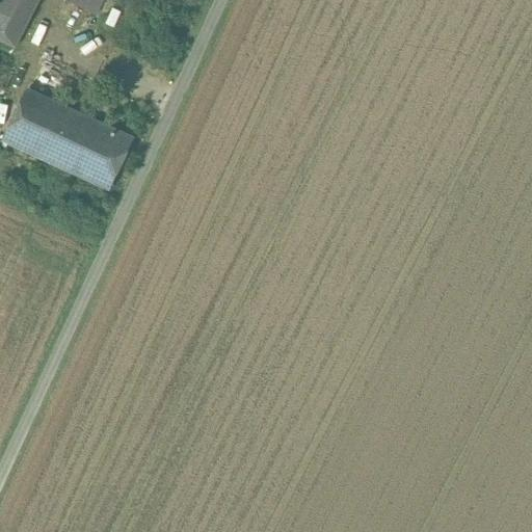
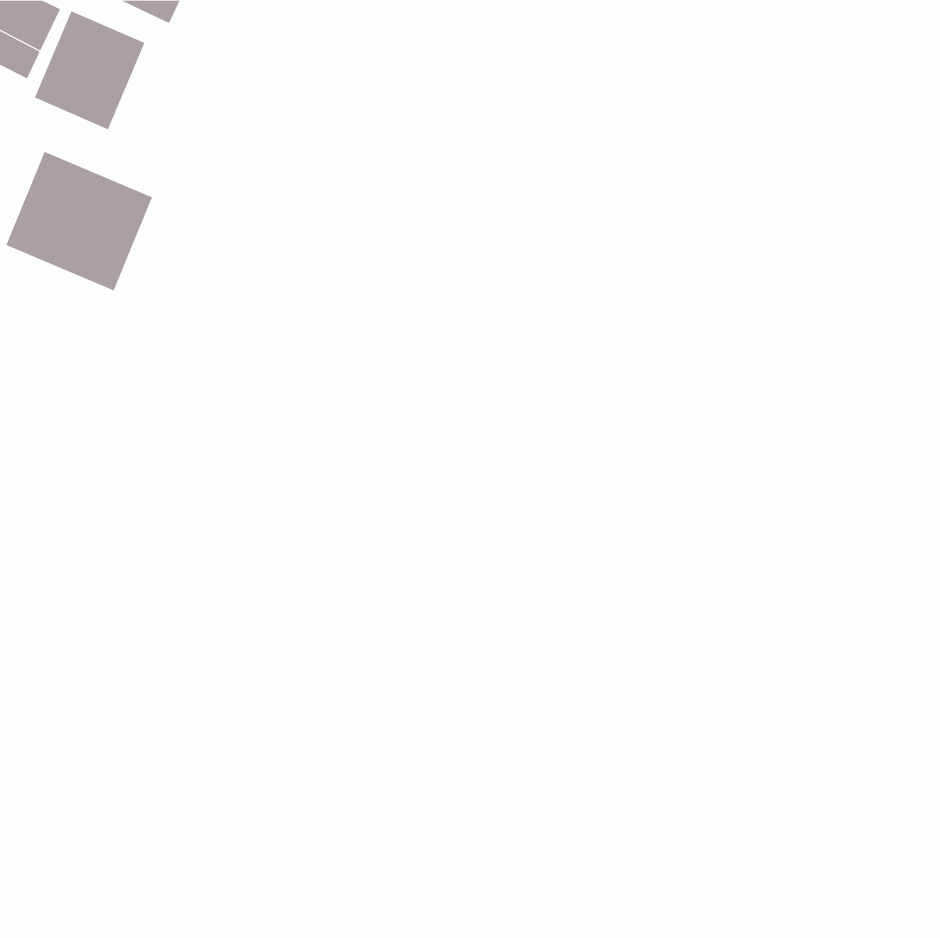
building: none -> [34,10,145,130]
building: [64,113,133,185] -> none

